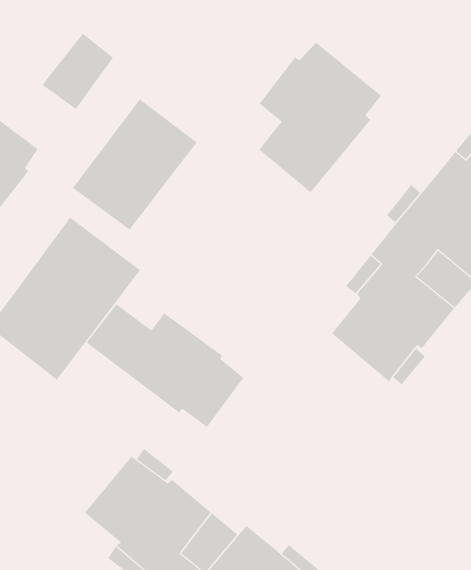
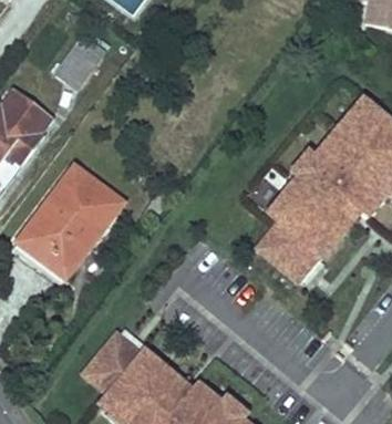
building: [258,42,382,193] -> none
building: [72,98,198,230] -> none
building: [86,303,244,428] -> none

